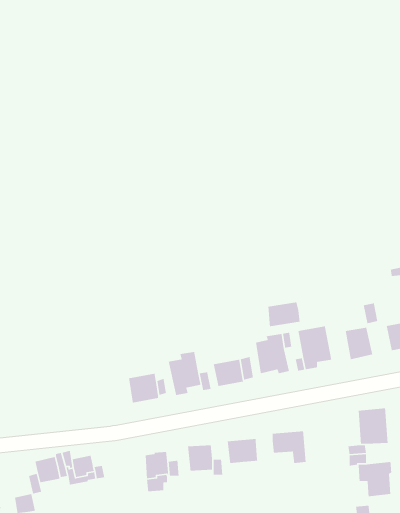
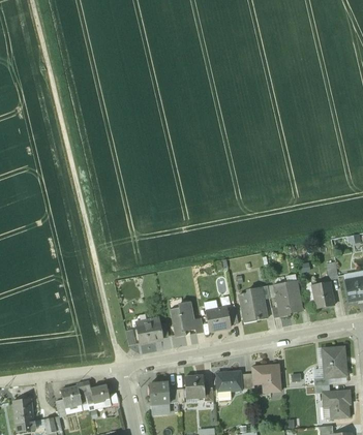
building: [267,301,300,327] -> none

